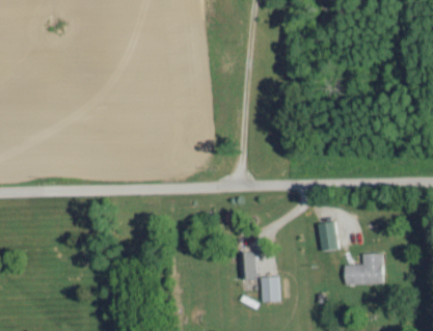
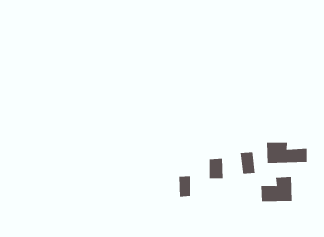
building: none -> [266,142,307,164]
building: [262,276,280,302] -> [209,158,223,179]

